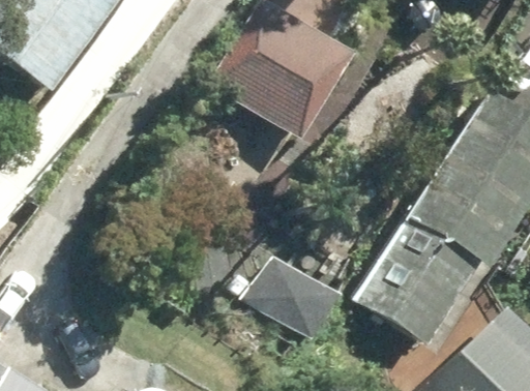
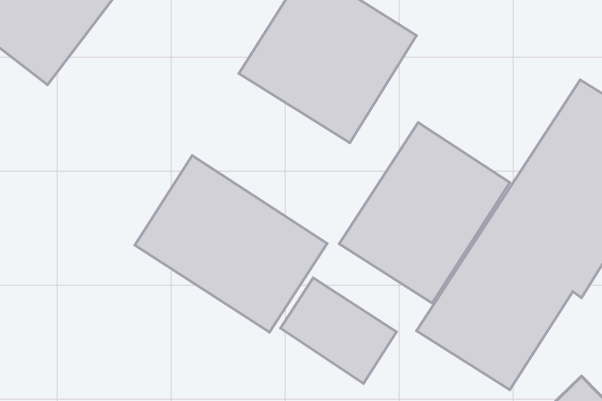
building: none -> [339,122,510,303]
building: none -> [135,155,327,332]

